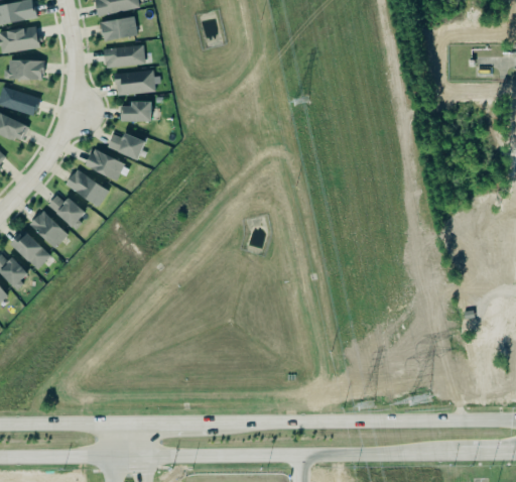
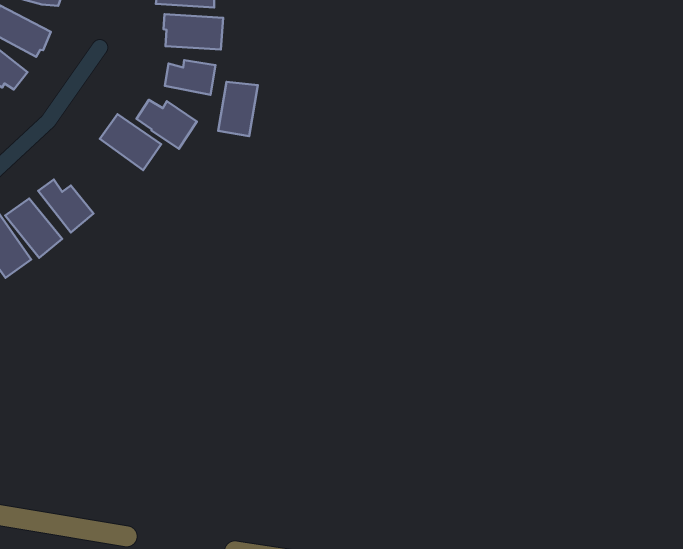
building: none -> [218,82,258,136]
building: [63,169,107,207] -> none

